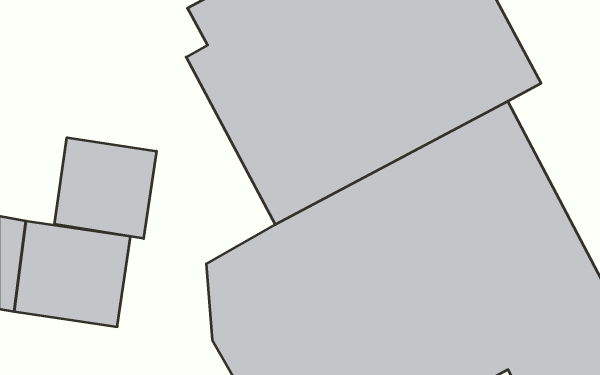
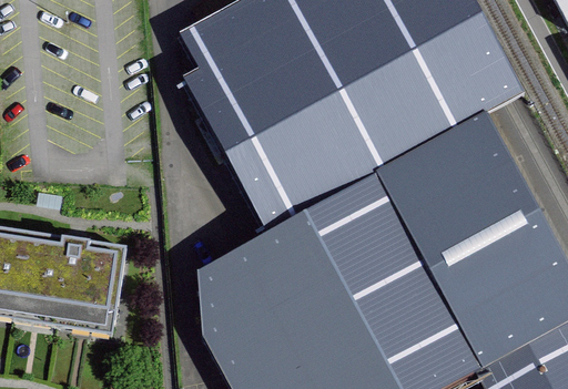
building: [54,138,156,239] -> none

